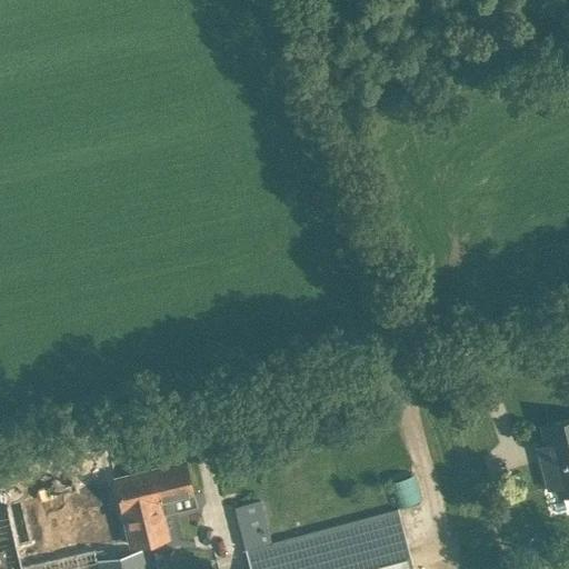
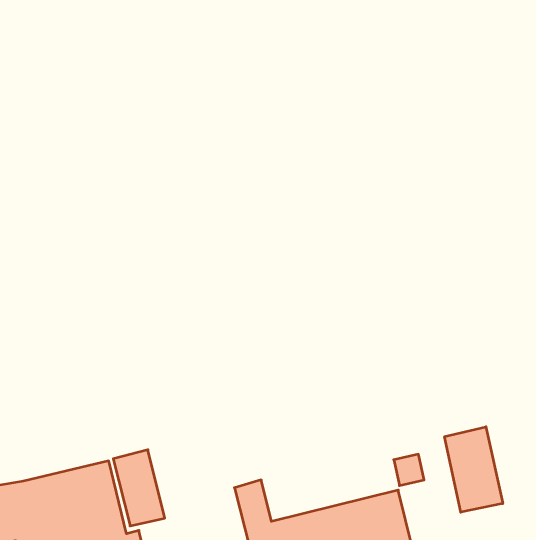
building: none -> [445,427,503,512]
building: [149,466,191,541] -> none

